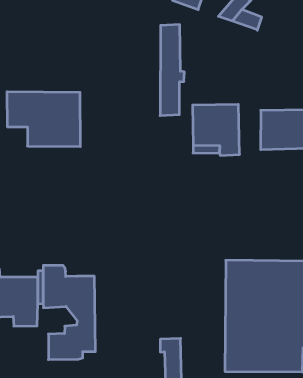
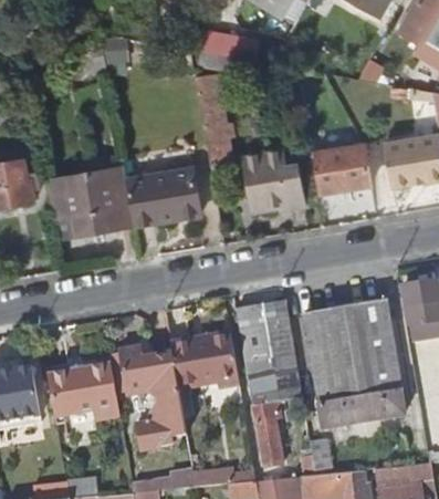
building: none -> [126,165,200,222]
building: none -> [238,301,300,404]
building: none -> [171,333,237,391]

